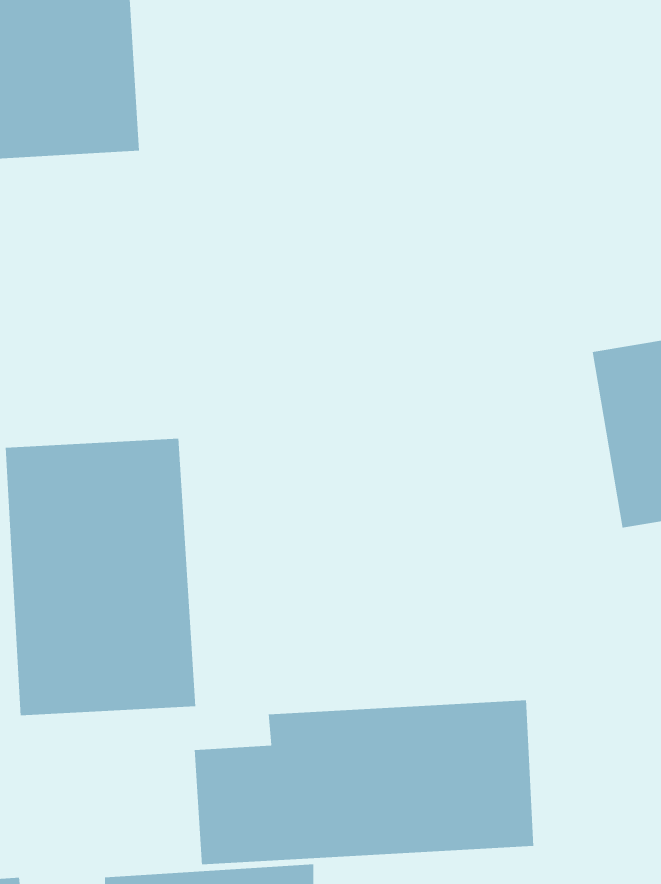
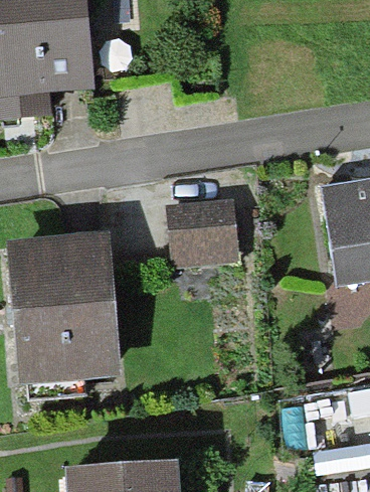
building: none -> [163,197,231,263]
building: [194,700,534,865] -> none

